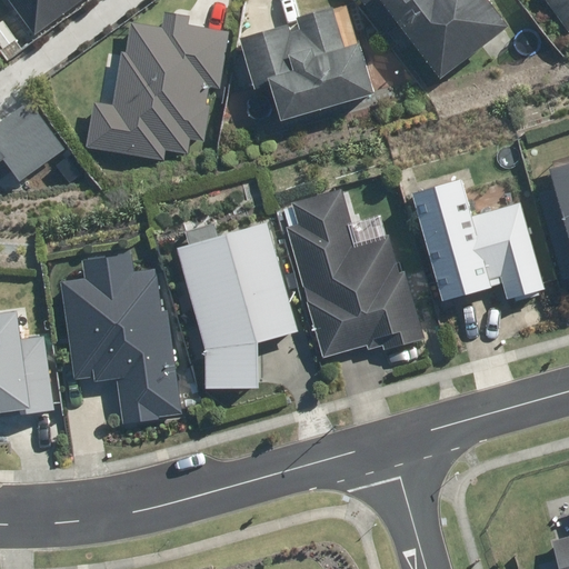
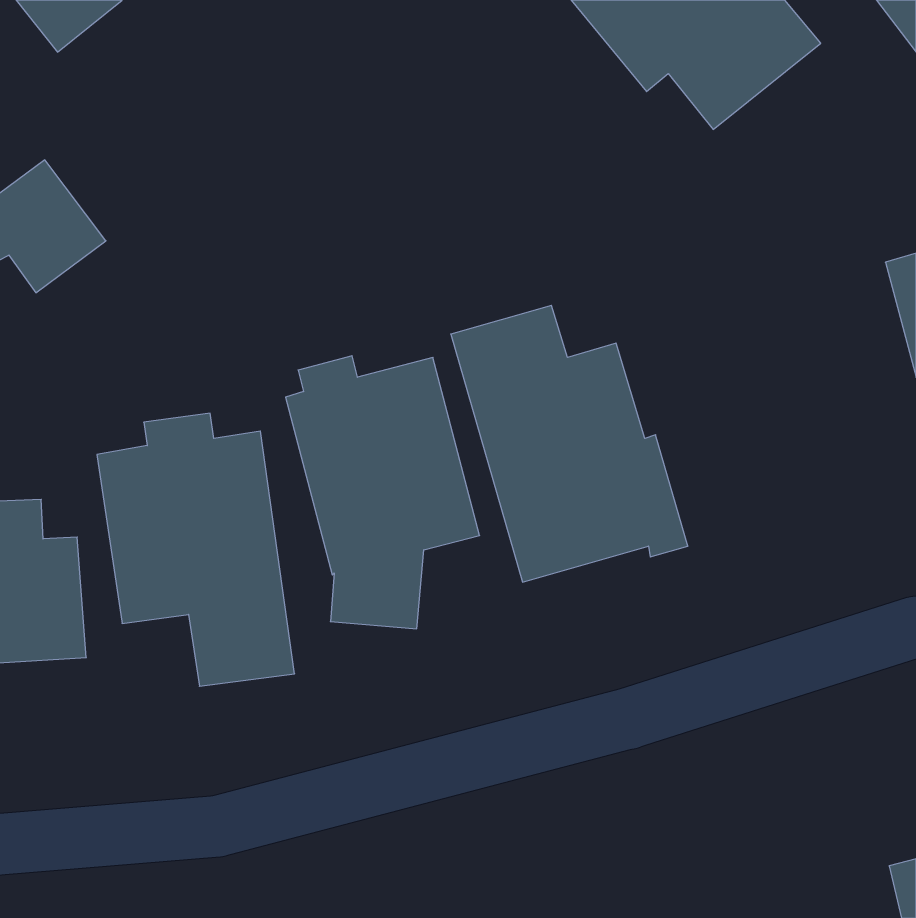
building: [86,7,231,160] -> none
building: [240,7,375,118] -> none
building: [410,174,545,301] -> none

